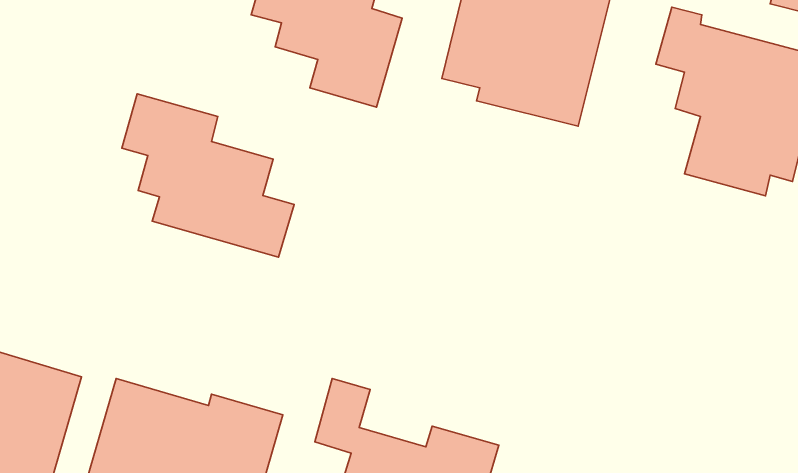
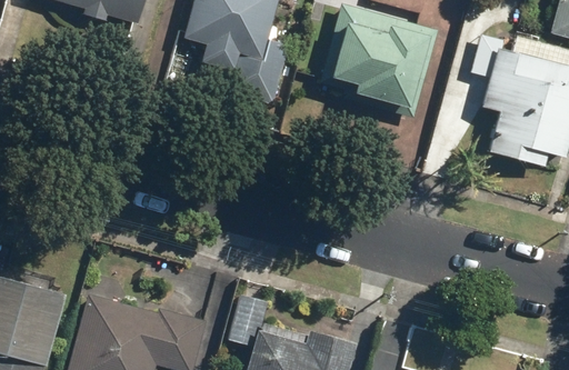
building: [122,94,294,257] -> none

